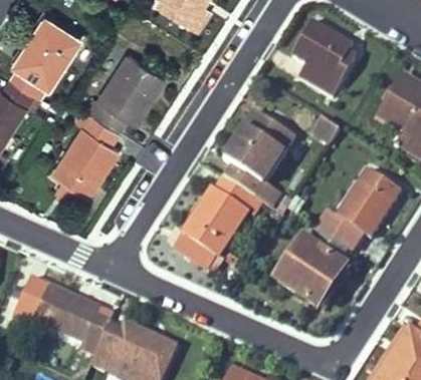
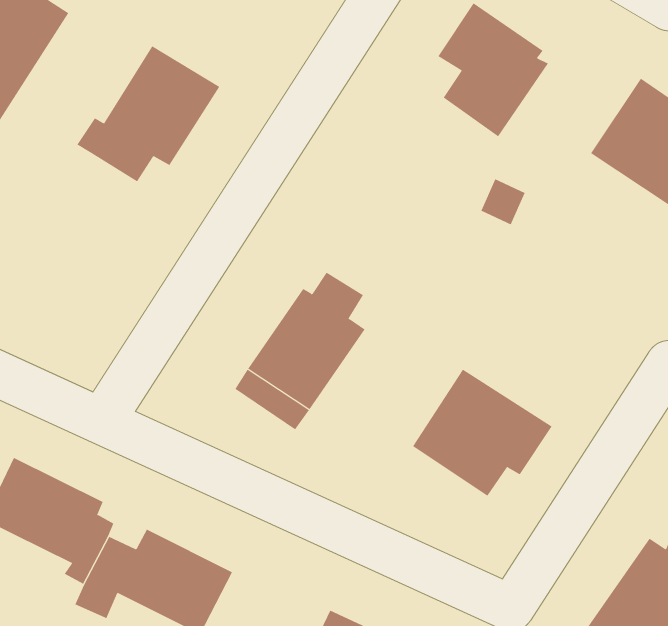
building: [223,109,295,197] -> none
building: [56,112,122,194] -> none
building: [314,164,404,250] -> none

